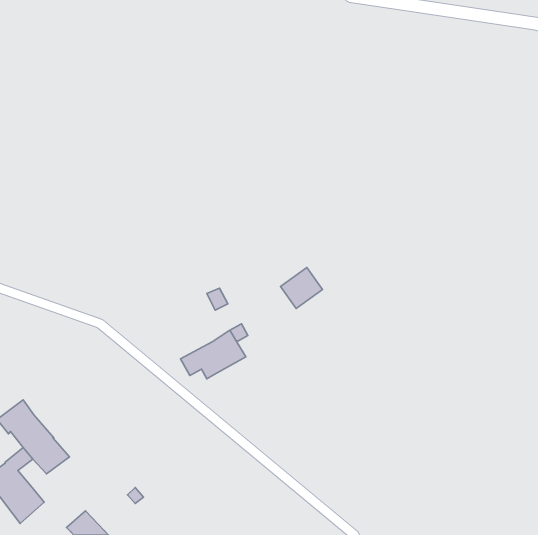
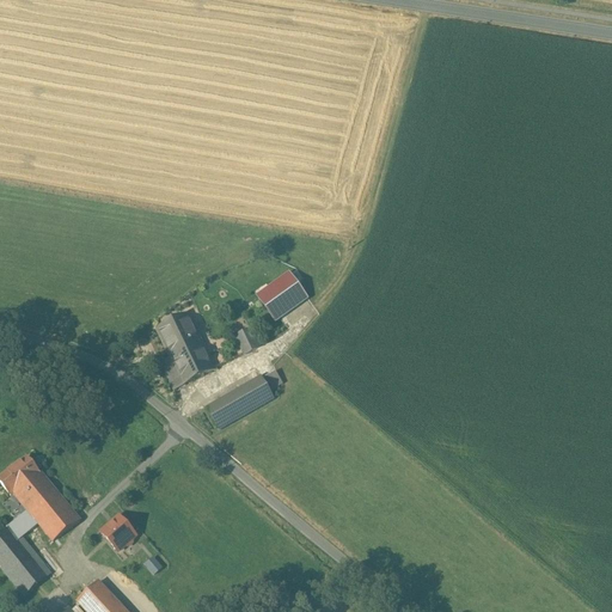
building: [280,267,323,309] -> [257,270,305,317]
building: none -> [155,311,213,386]
building: none -> [99,513,135,549]

